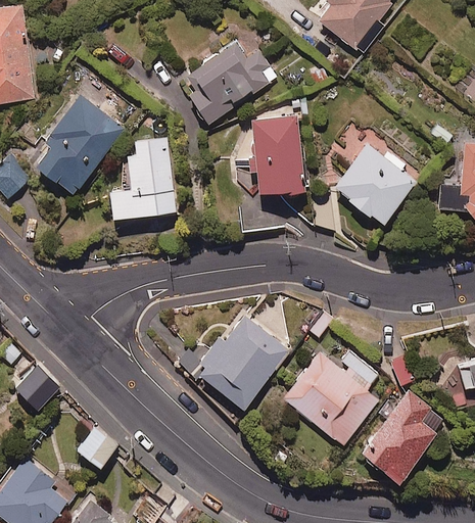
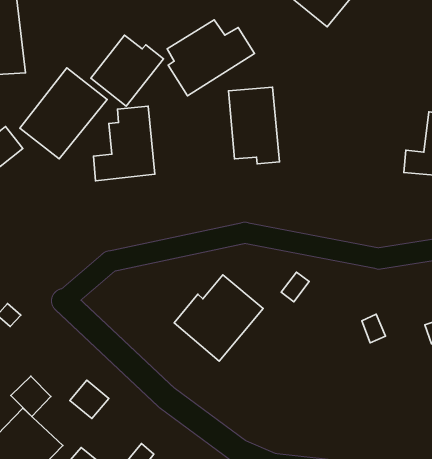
building: none -> [91,35,163,106]
building: [334,147,415,226] -> none
building: [282,350,379,446] -> none
building: [19,367,62,410] -> [11,376,51,417]
building: [360,393,444,482] -> none

